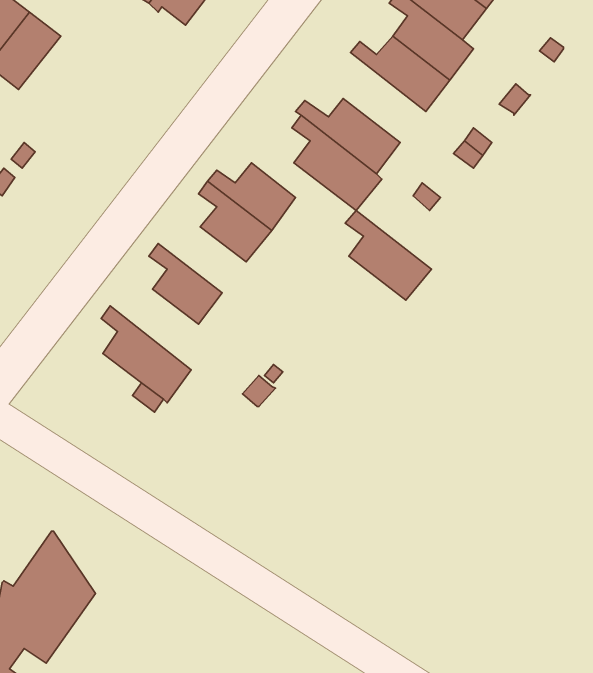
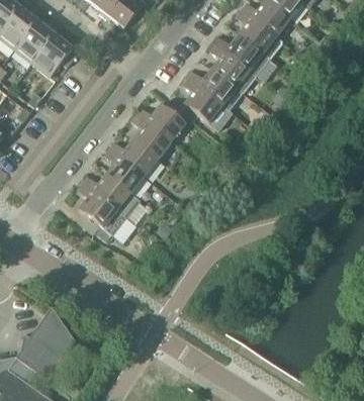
building: none -> [31,34,76,77]
building: [345,210,431,300] -> [208,43,256,93]
building: none -> [108,139,157,176]
building: none -> [82,174,141,218]

